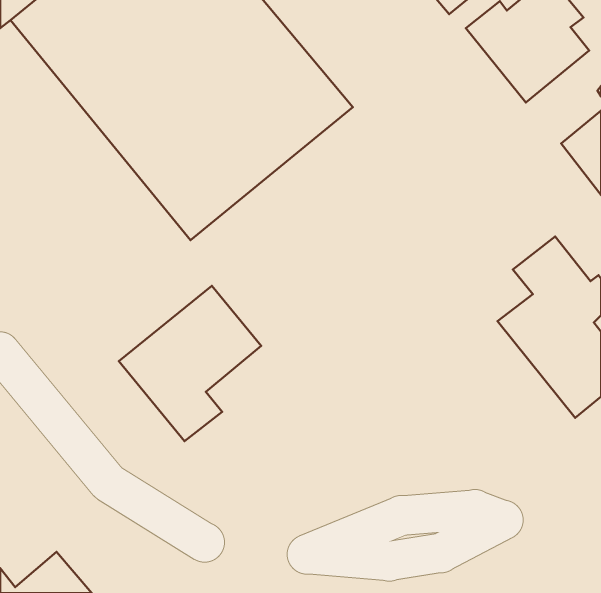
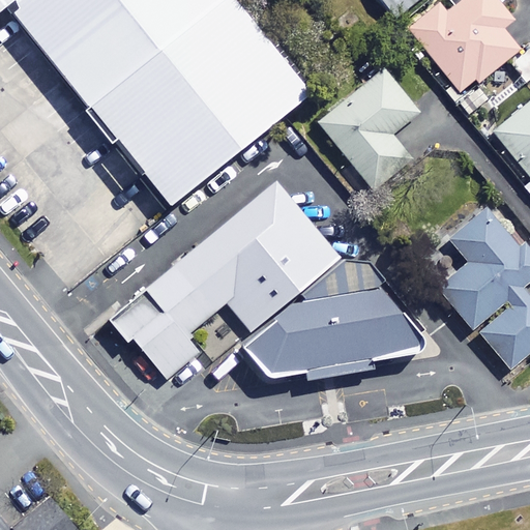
building: none -> [320,66,418,186]
building: none -> [202,170,356,320]
building: none -> [240,284,428,381]

